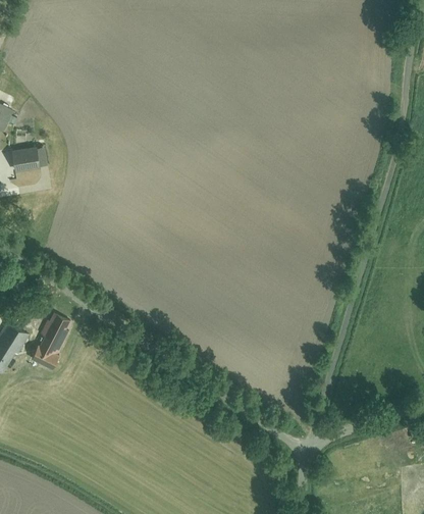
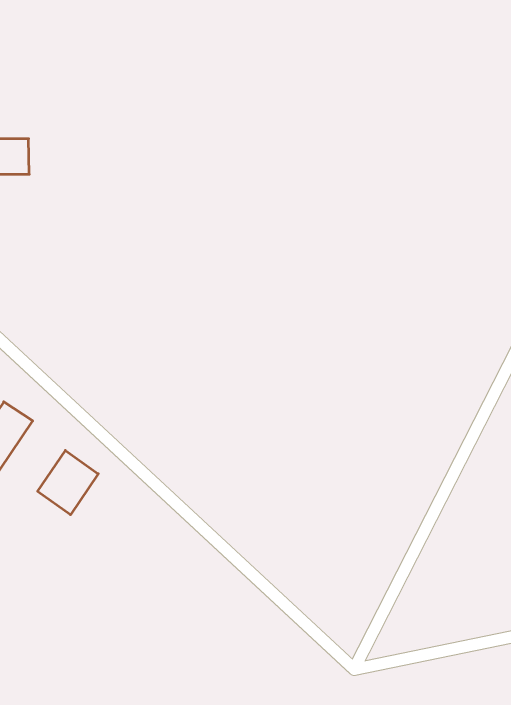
building: none -> [38,450,98,515]

